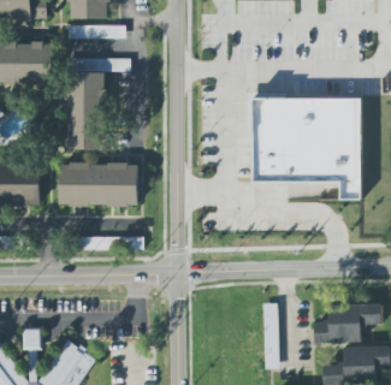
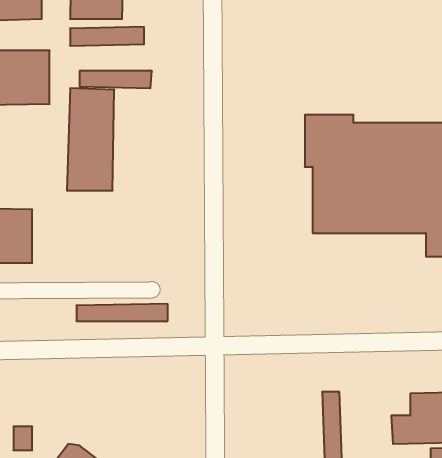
building: [59,162,138,205] -> none

